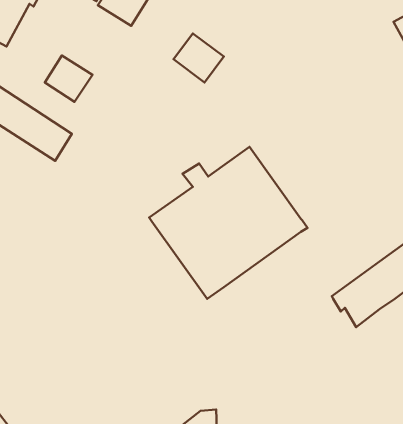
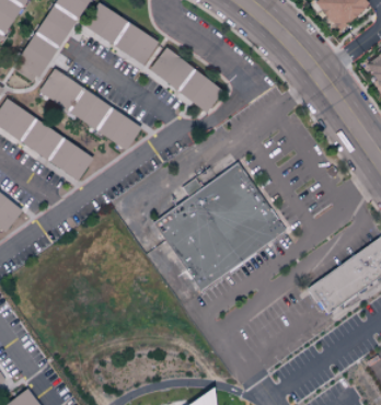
building: none -> [149,48,193,90]
building: none -> [38,69,82,111]
building: none -> [97,108,141,151]

